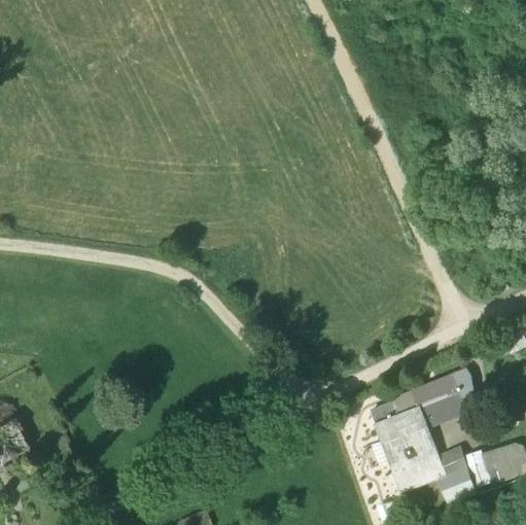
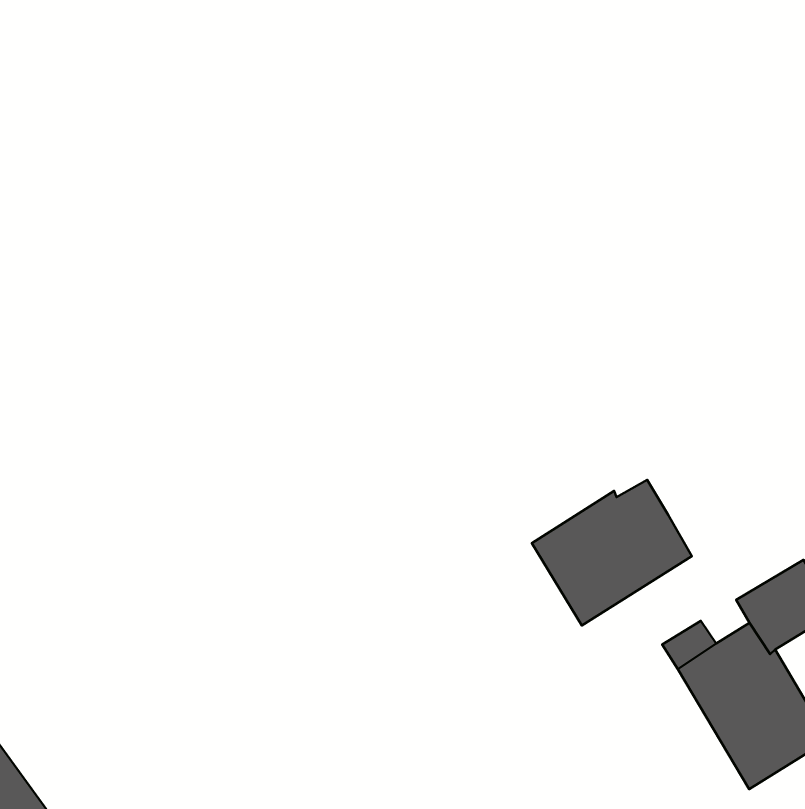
building: none -> [532,480,692,626]

